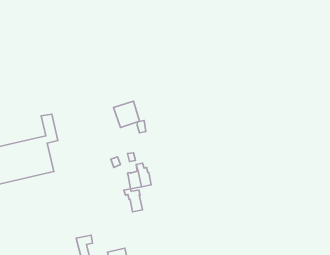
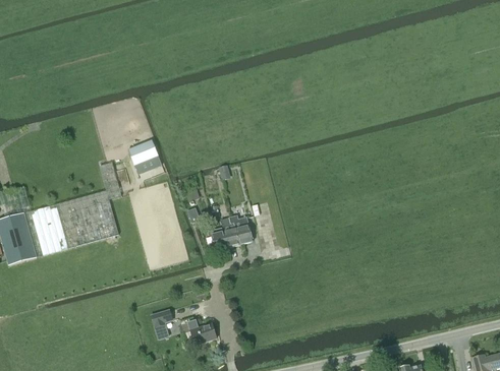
building: [113,101,140,128] -> [127,140,161,174]
building: [124,189,143,212] -> [228,215,253,244]

